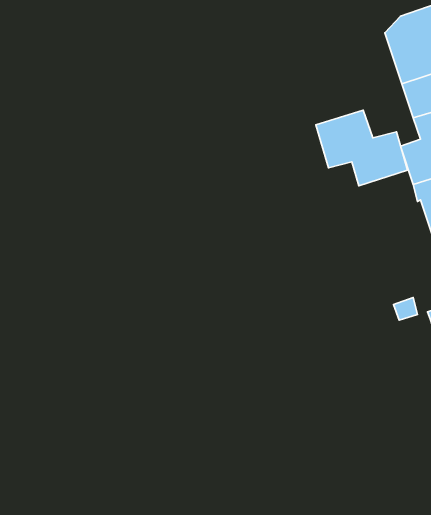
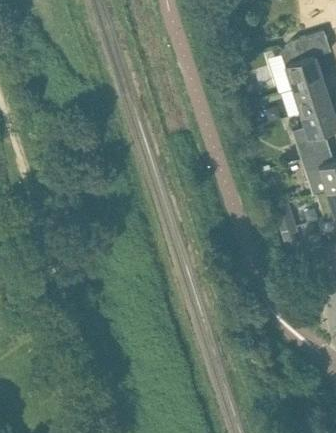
building: [316,110,407,186] -> none

